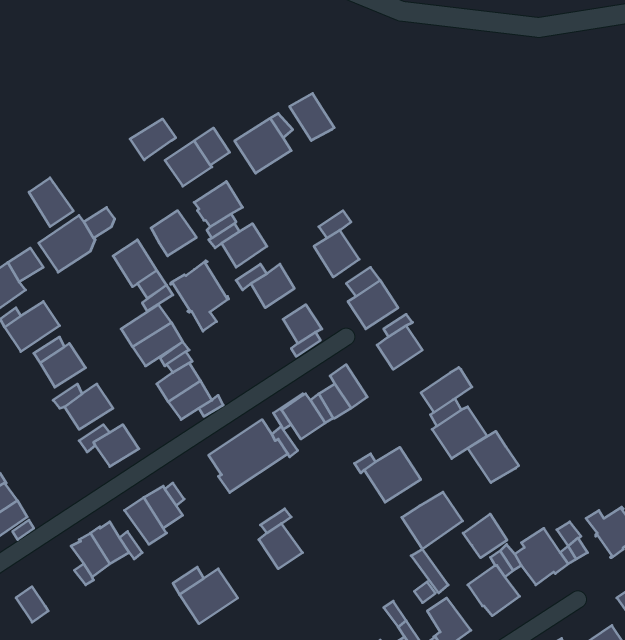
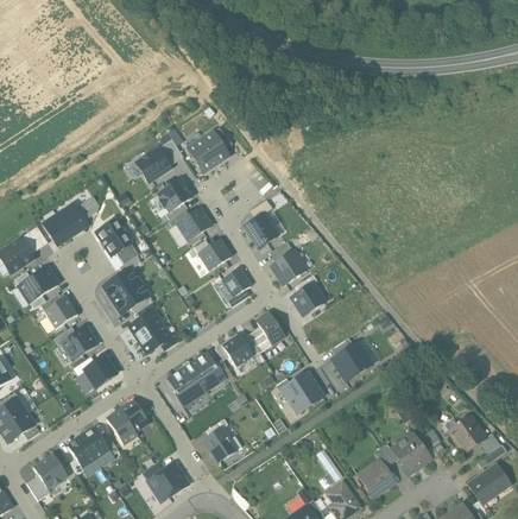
building: [290,93,334,141] -> none
building: [130,119,176,160] -> none
building: [29,178,73,227] -> none
building: [151,211,196,256] -> none
building: [171,261,229,331] -> none
building: [421,367,472,412] -> none
building: [468,431,519,483] -> none
building: [402,492,463,549] -> none
building: [463,514,507,558] -> none
building: none -> [33,455,68,489]

